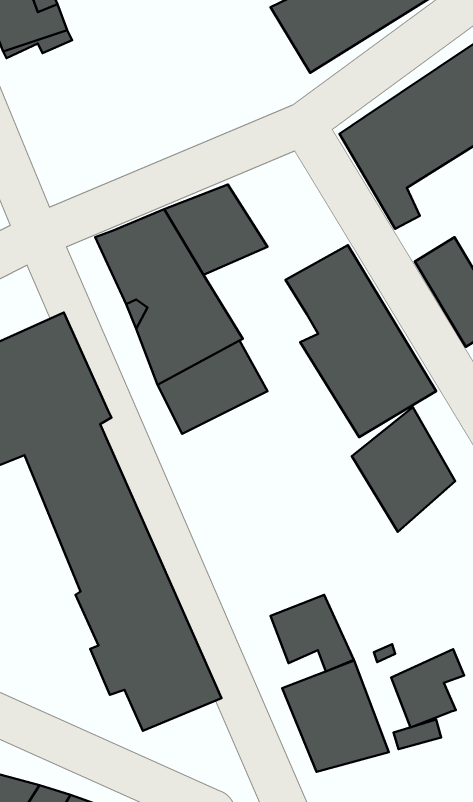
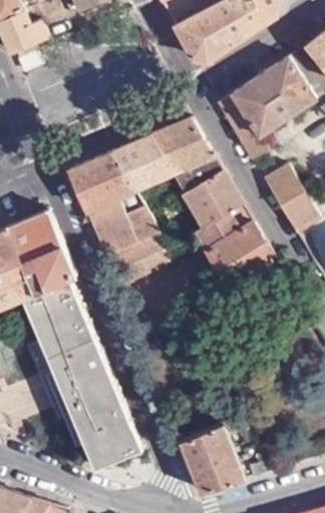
building: none -> [146,117,220,191]
building: [352,407,455,532] -> none
building: [270,595,354,671] -> none
building: [391,649,464,727] -> none

